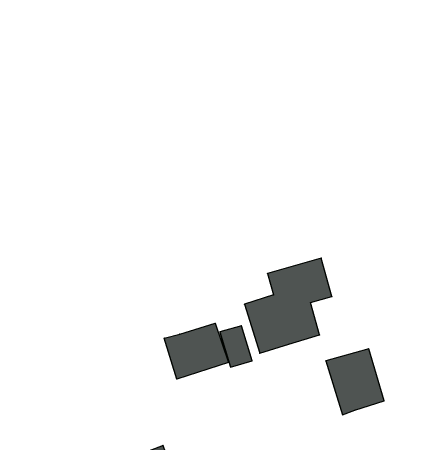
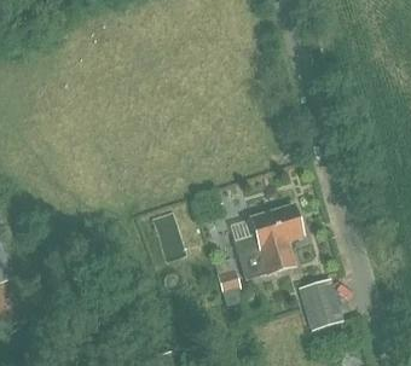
building: [164,323,228,379] -> none

